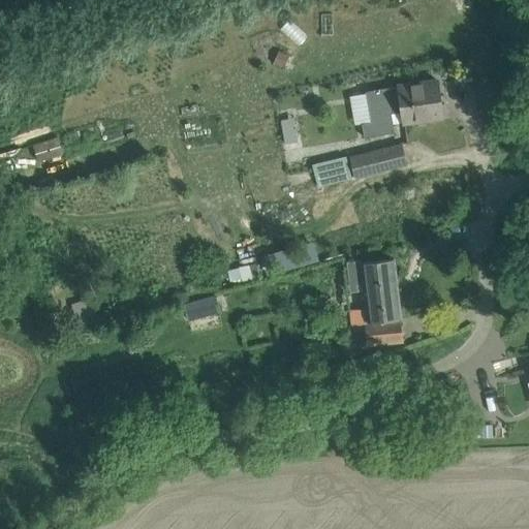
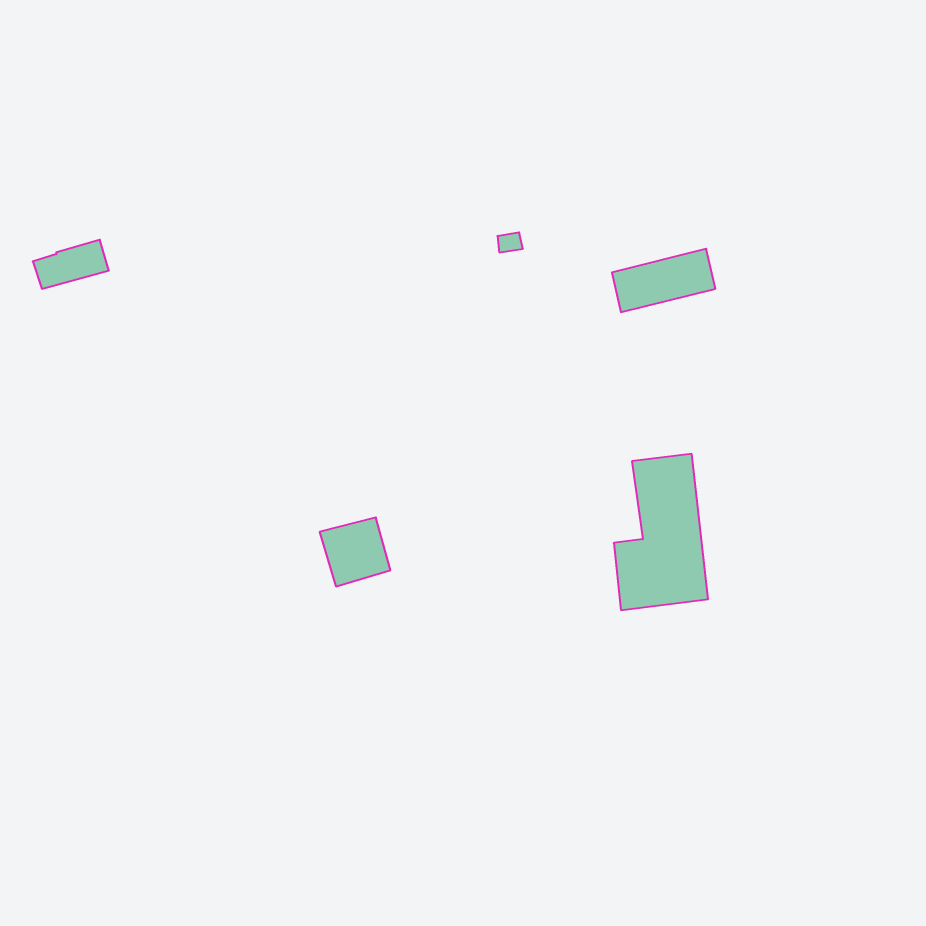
building: [362,81,442,137] -> none
building: [311,156,351,188] -> none

